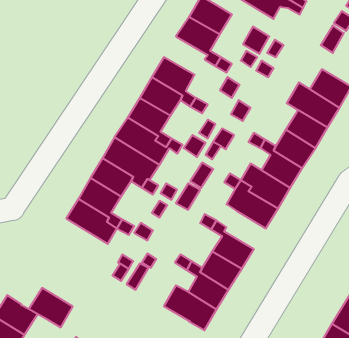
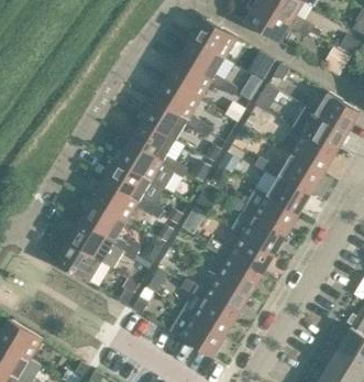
building: none -> [168,61,212,99]
building: none -> [229,236,271,274]
building: [29,288,73,327] -> [57,243,101,283]

